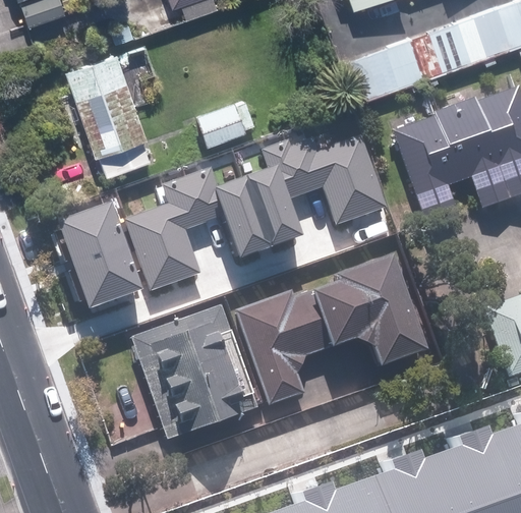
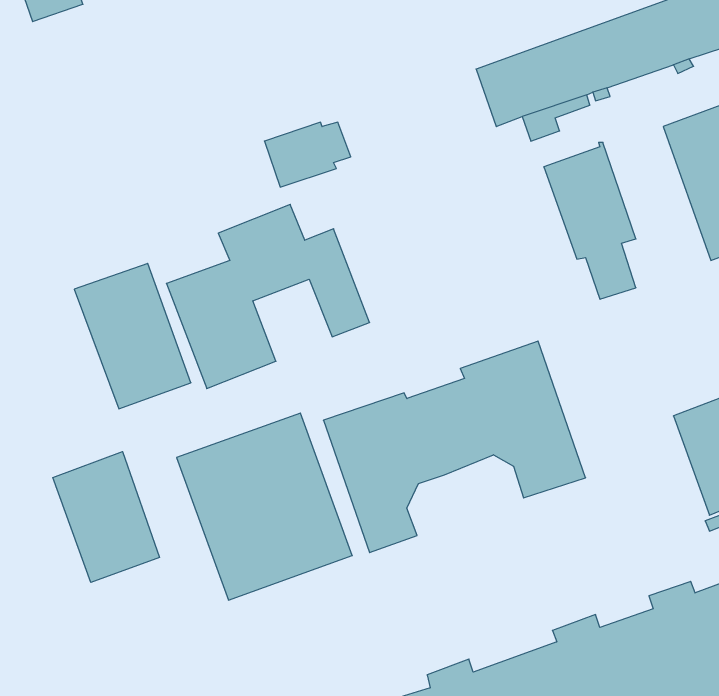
building: [64,53,151,178] -> none
building: [435,101,511,209] -> none
building: [244,124,388,242] -> none
building: none -> [53,452,160,582]

